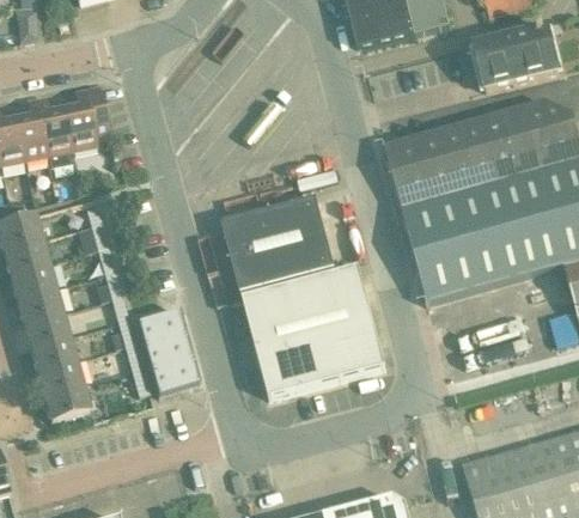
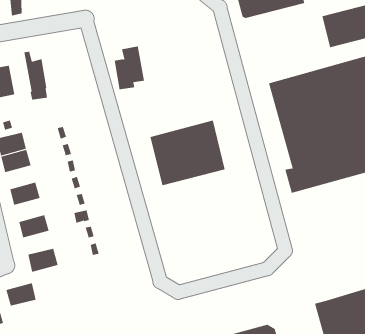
building: [65,84,110,148] -> [114,46,145,90]
building: [17,96,48,158] -> none
building: [10,262,55,297] -> none
building: [242,266,385,397] -> none
building: [136,309,199,394] -> none
building: [23,310,68,345] -> none
building: [36,358,81,392] -> [5,283,37,306]

